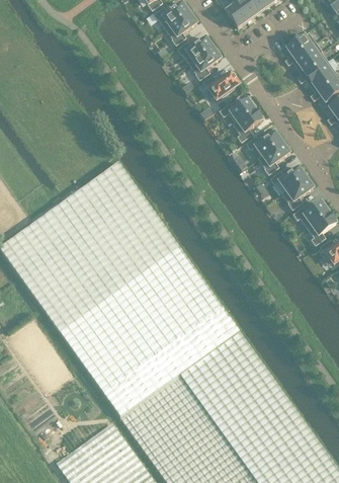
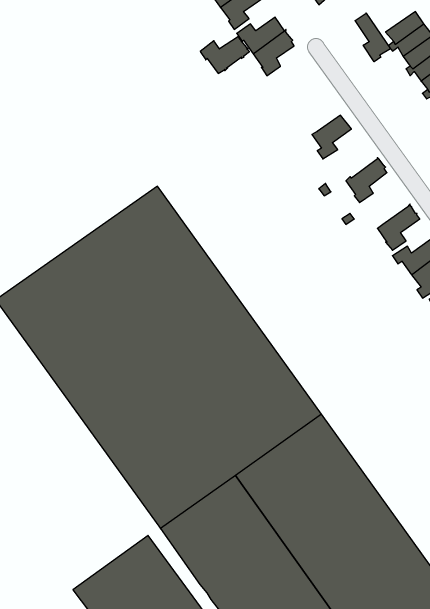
building: none -> [355,13,390,62]
building: [202,71,239,98] -> [200,37,249,73]
building: [219,97,254,120] -> none
building: [246,131,281,155] -> none
building: [270,165,306,189] -> none

